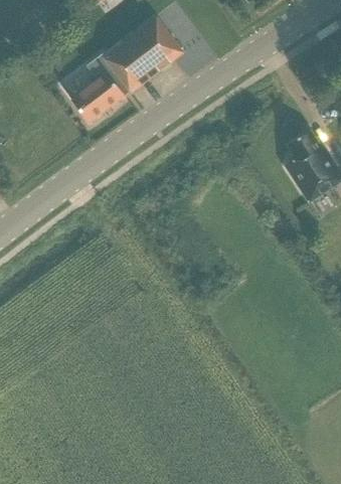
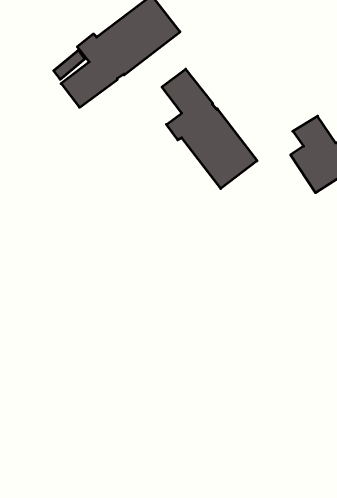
building: none -> [162,69,257,189]

